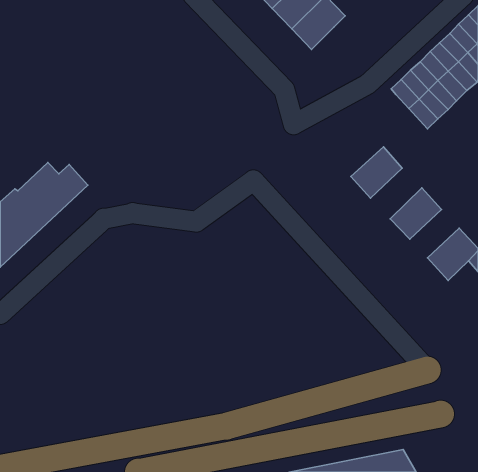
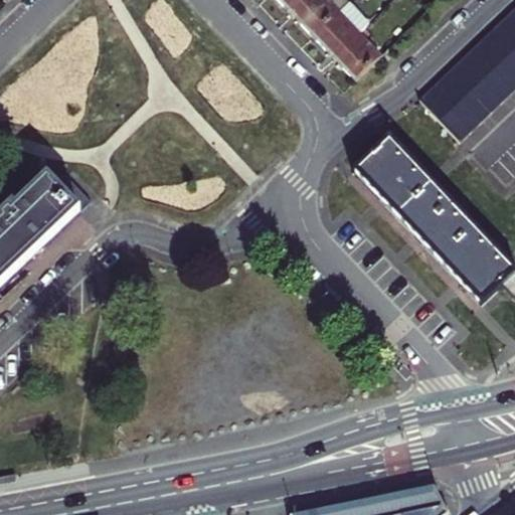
building: none -> [335,29,382,77]
building: none -> [355,135,412,190]
building: none -> [398,181,454,235]
building: none -> [441,225,494,278]

